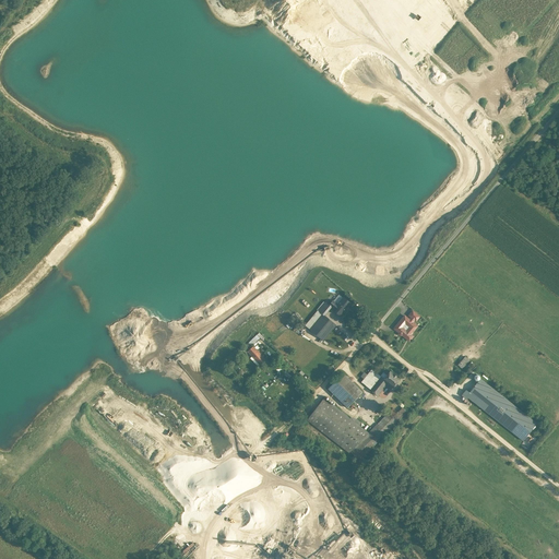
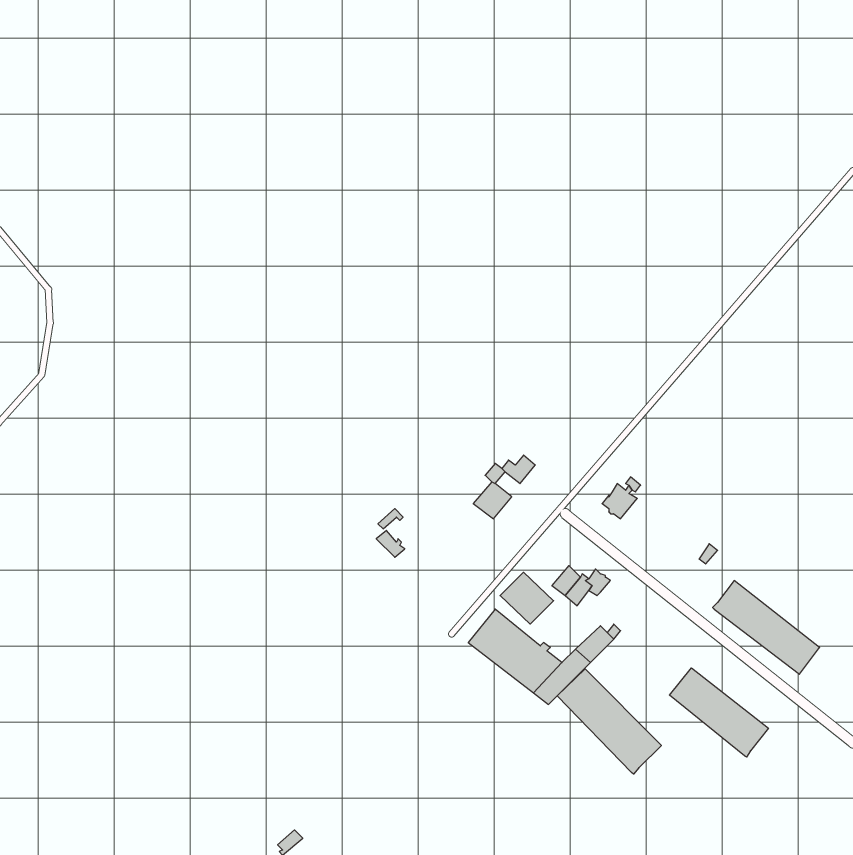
building: none -> [669,668,768,757]
building: none -> [557,669,661,774]

